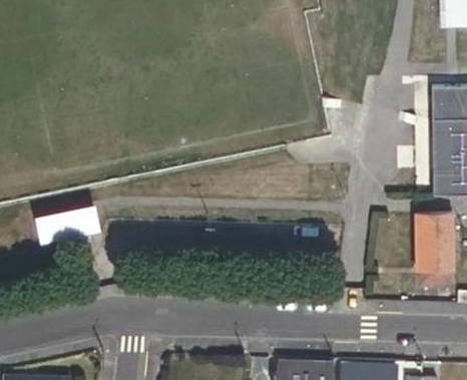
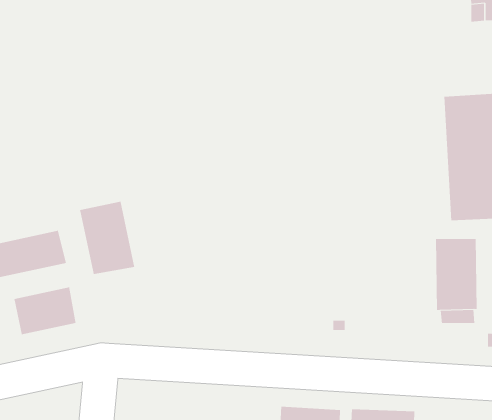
building: none -> [79,201,135,275]
building: none -> [14,287,76,335]

